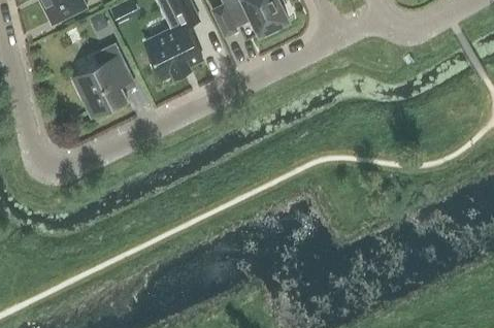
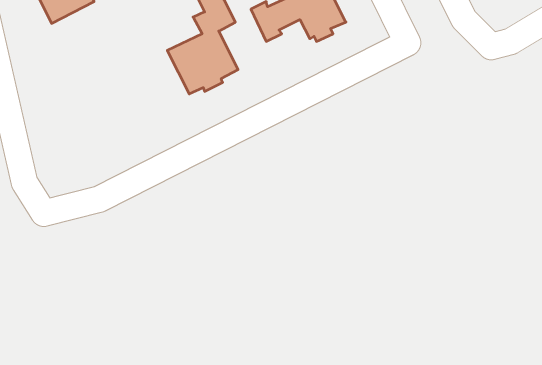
building: [80,44,132,118] -> none

